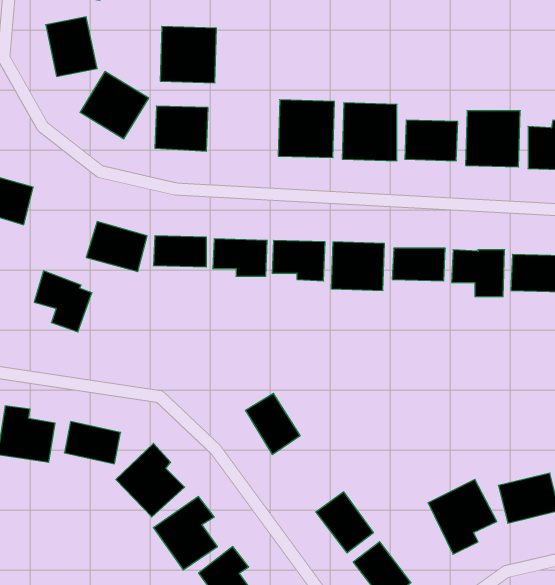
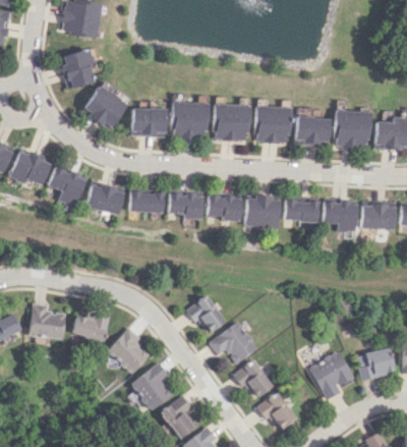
building: [160,26,216,83] -> [171,102,208,138]
building: [34,271,92,332] -> [50,166,88,206]
building: none -> [210,322,258,364]

